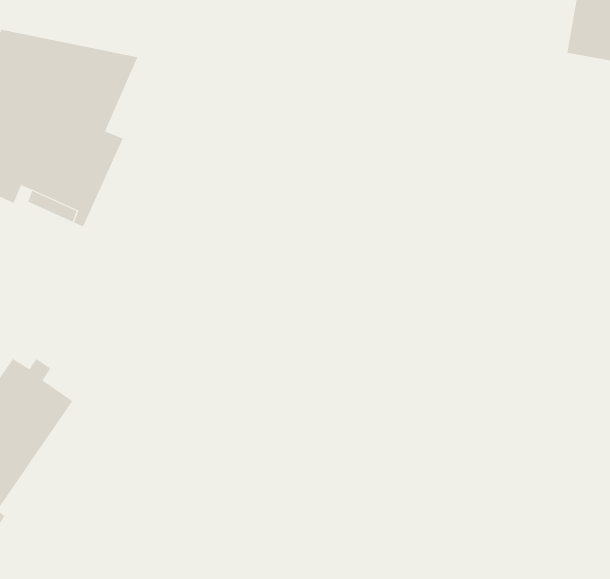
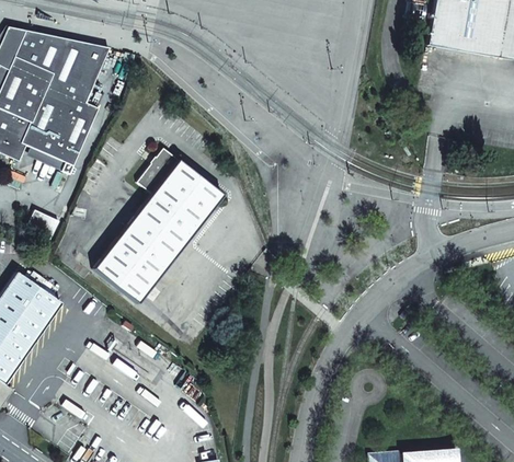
building: none -> [93,148,222,303]

